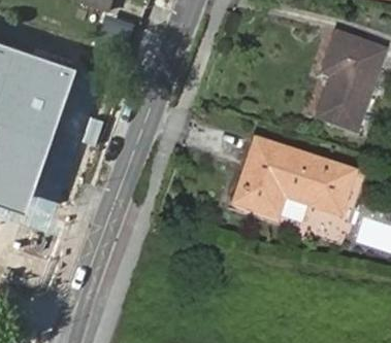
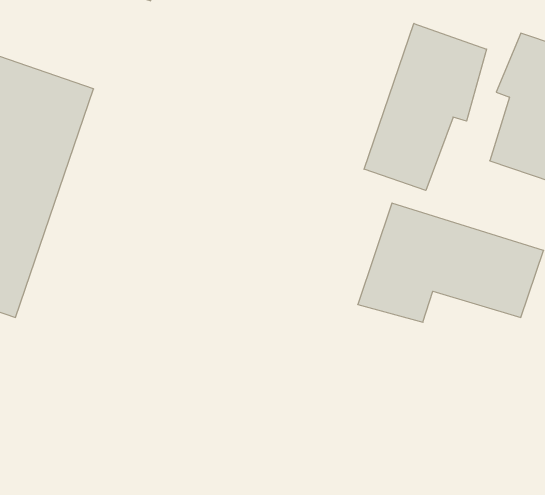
building: none -> [364,23,487,190]

